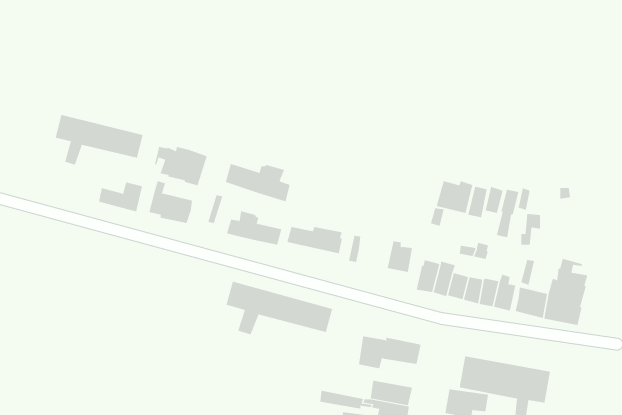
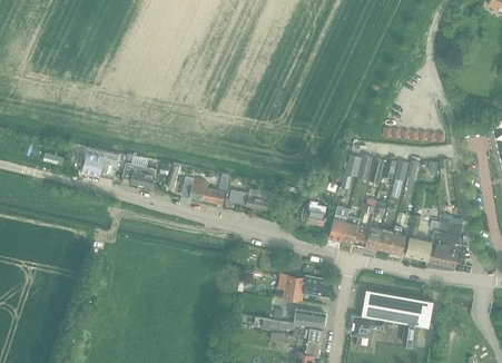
building: [55,114,143,165] -> none
building: [154,146,208,186] -> none
building: [225,163,290,202] -> none
building: [226,281,333,335] -> none

